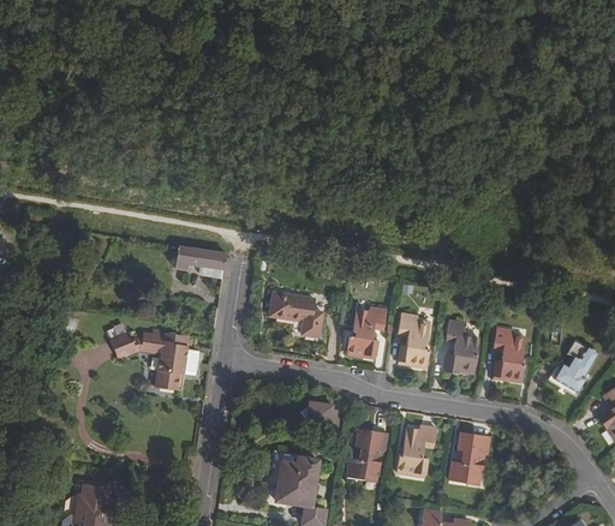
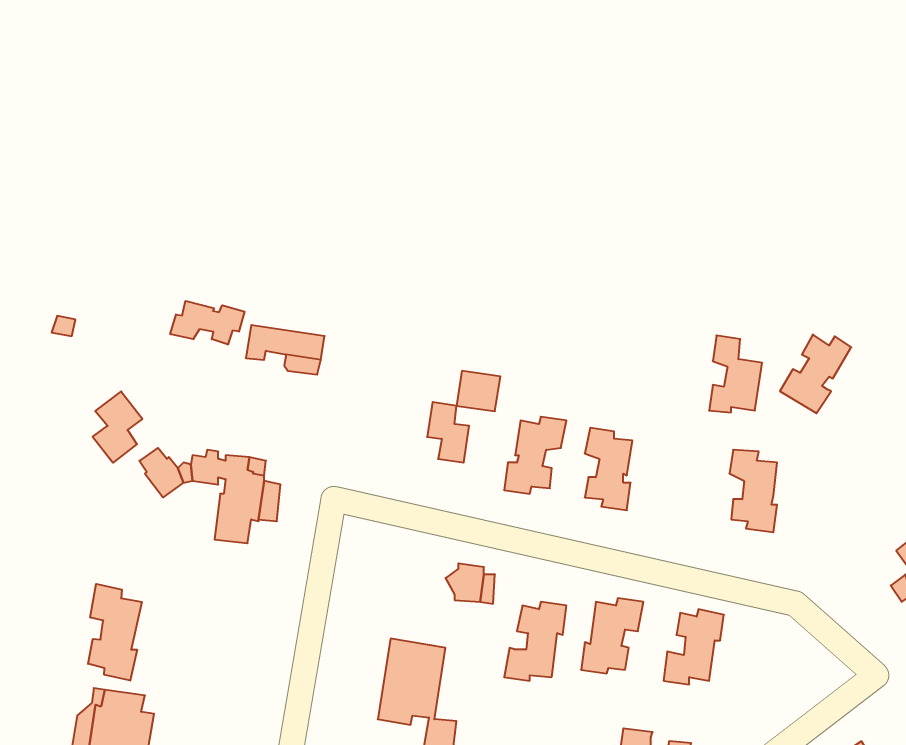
building: none -> [170,301,245,345]
building: none -> [93,391,142,463]
building: [270,293,299,319] -> [456,371,500,411]
building: [444,321,479,371] -> [709,335,762,412]
building: [554,340,601,391] -> [780,334,851,413]
building: none -> [88,584,142,681]

